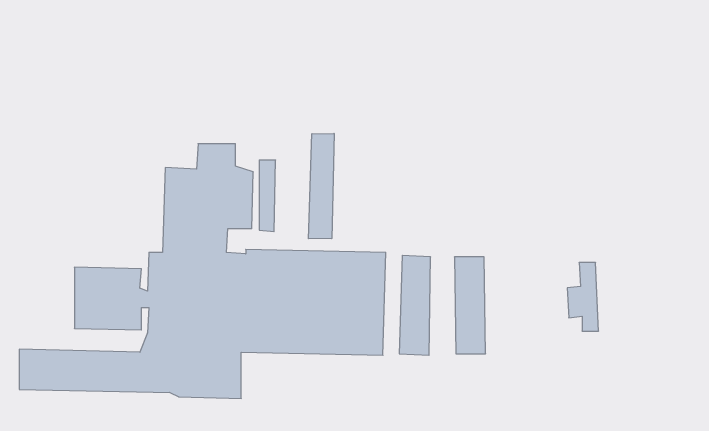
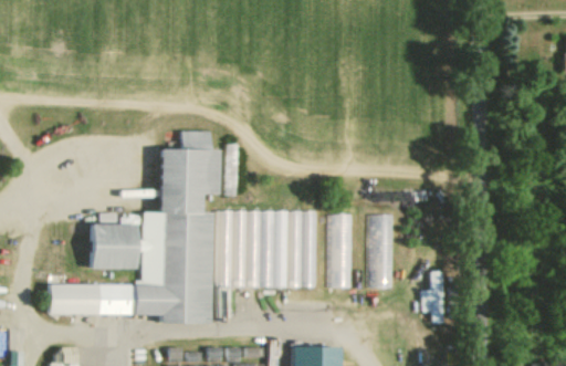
building: [309,133,334,239] -> none
building: [567,263,599,331] -> [421,272,444,323]

